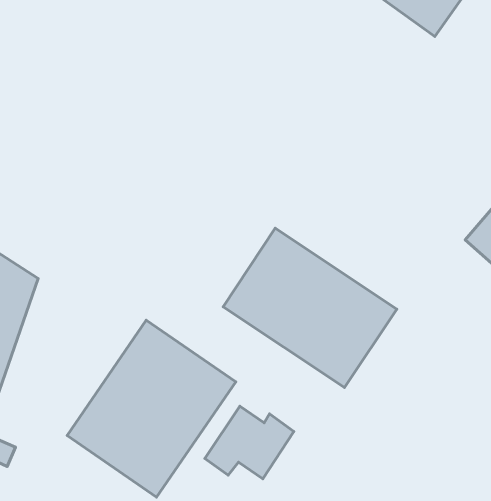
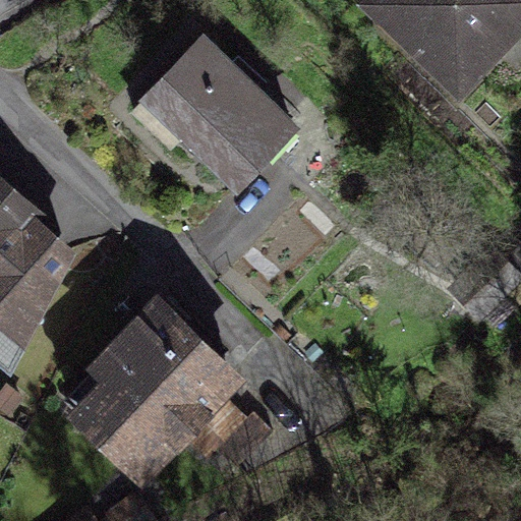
building: none -> [132,38,296,184]
building: [223,228,397,388] -> none

